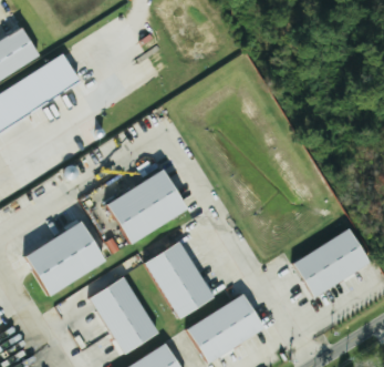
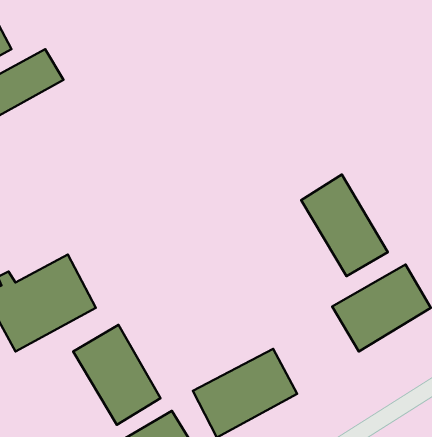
building: none -> [301,175,388,276]
building: [104,169,189,246] -> none
building: [146,241,215,319] -> none

